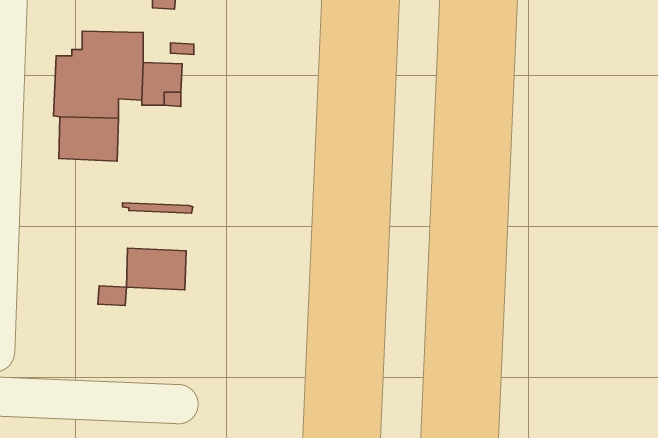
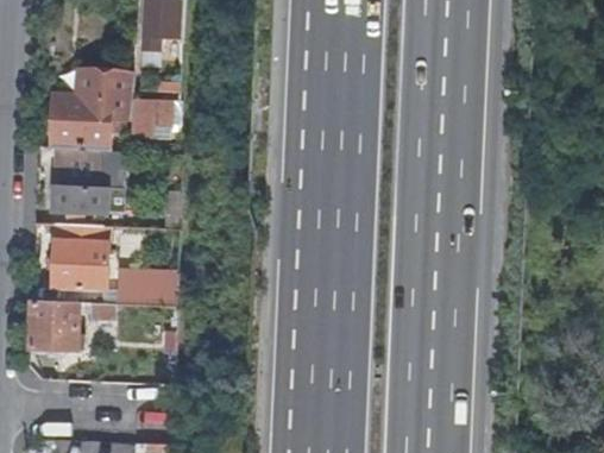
building: none -> [54,187,108,213]
building: none -> [52,225,108,290]
building: none -> [30,301,78,351]

